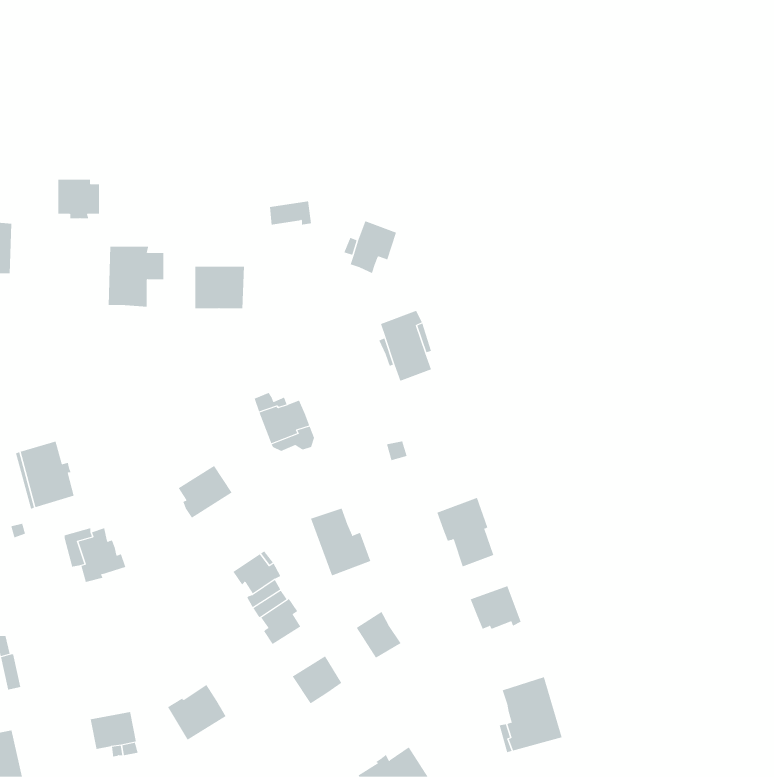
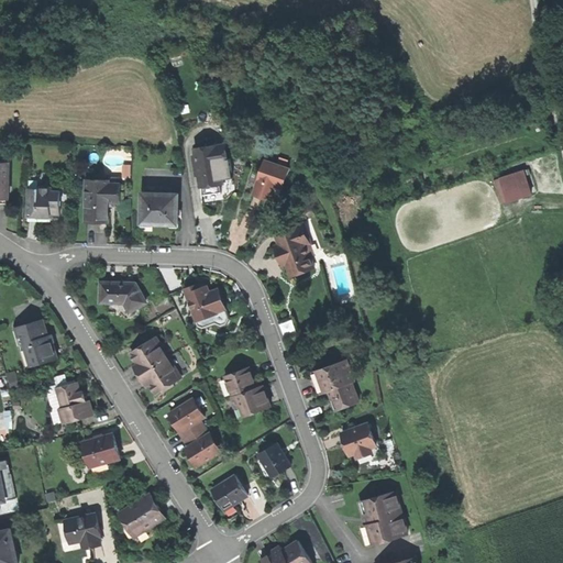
building: [57,179,100,219] -> [31,188,62,217]
building: none -> [196,159,221,186]
building: none -> [499,170,530,201]
building: none -> [99,283,145,310]
building: none -> [139,356,180,393]
building: none -> [82,433,119,466]

